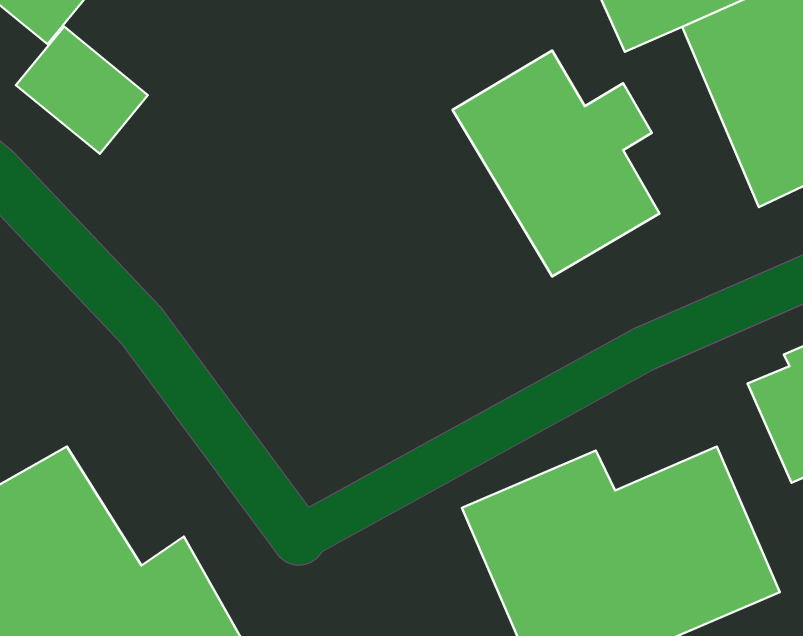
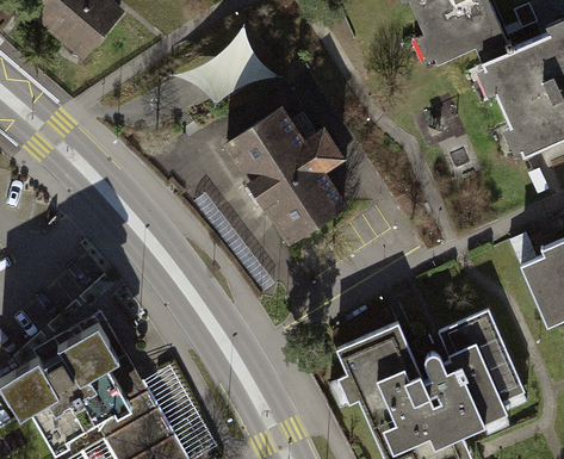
building: [16,27,148,154] -> none
building: [452,50,660,277] -> [213,98,342,238]

